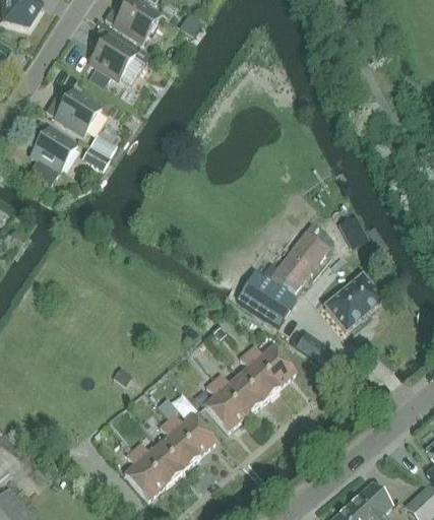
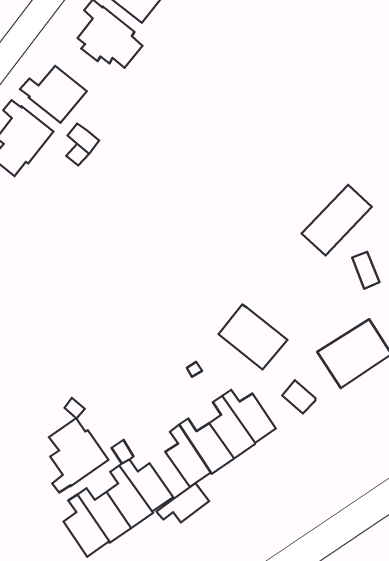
building: [270,230,327,291] -> [302,185,372,255]
building: none -> [49,418,109,493]
building: none -> [156,483,209,522]

